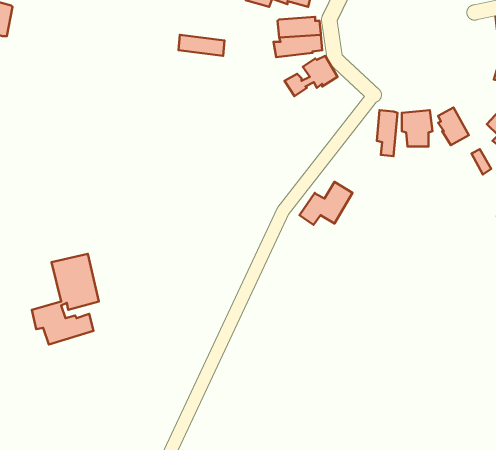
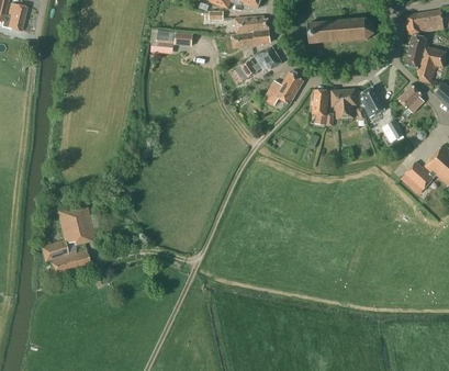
building: none -> [308,19,374,43]
building: [299,182,352,225] -> [262,71,304,105]

